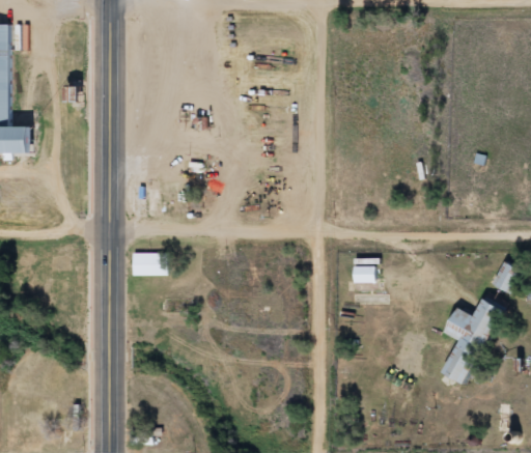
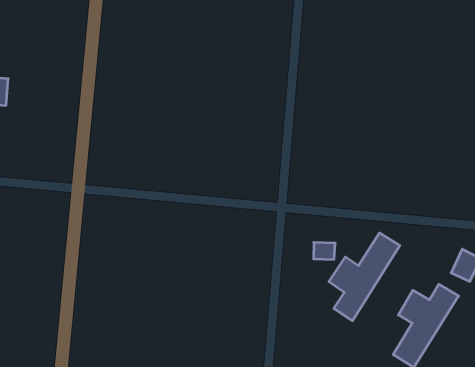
building: none -> [329,233,400,321]
building: [131,253,166,276] -> none

